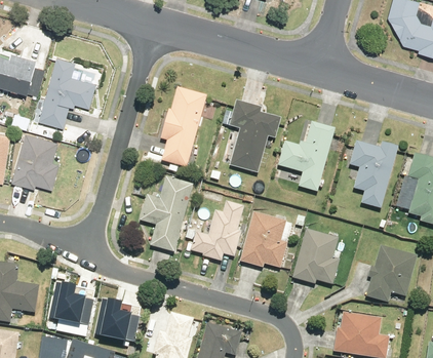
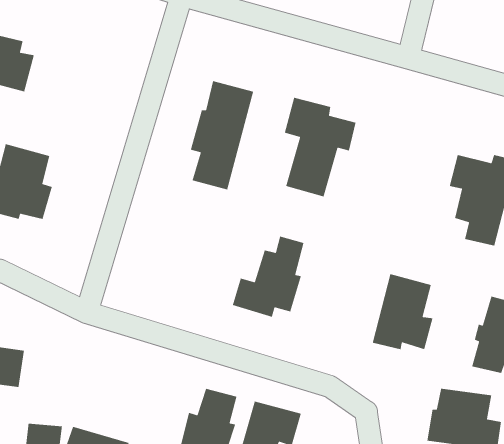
building: [38,56,95,126] -> none
building: [277,121,334,191] -> none
building: [139,175,194,252] -> none
building: [238,210,288,269] -> none
building: [45,280,89,325] -> none
building: [91,300,139,345] -> none

